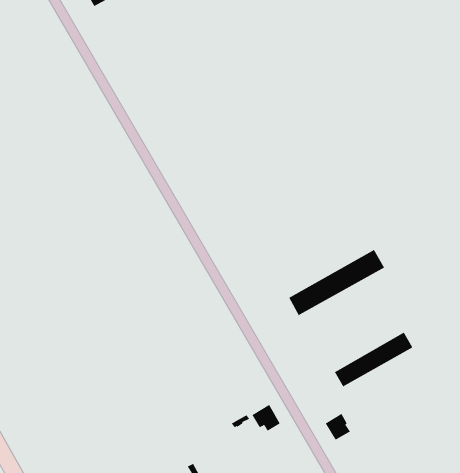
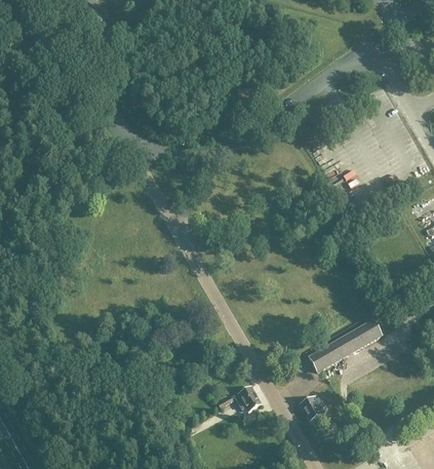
building: [289,249,385,316] -> none

